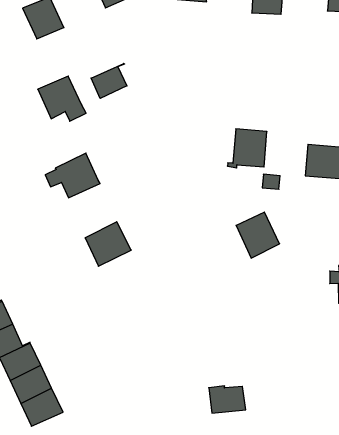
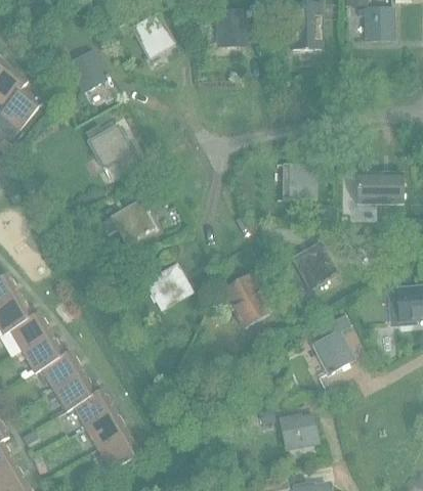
building: [91,63,127,98] -> none
building: none -> [226,276,270,326]
building: none -> [312,316,353,373]

